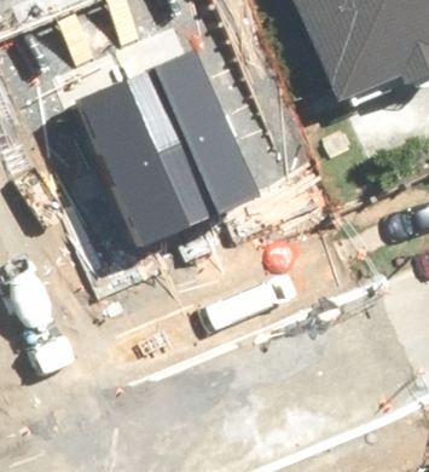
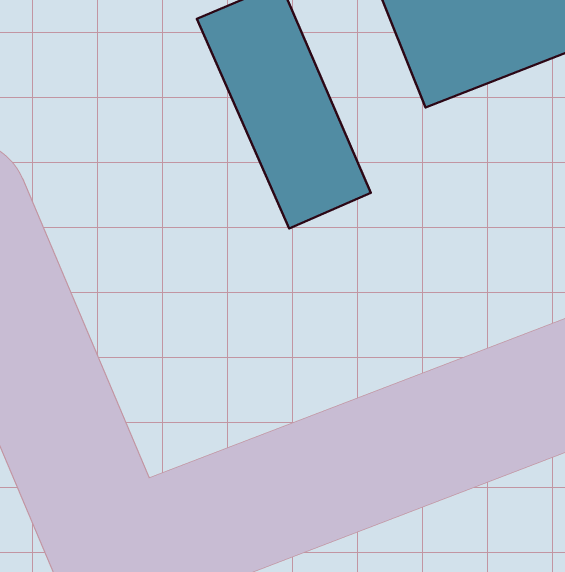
building: [87,57,213,232] -> none

